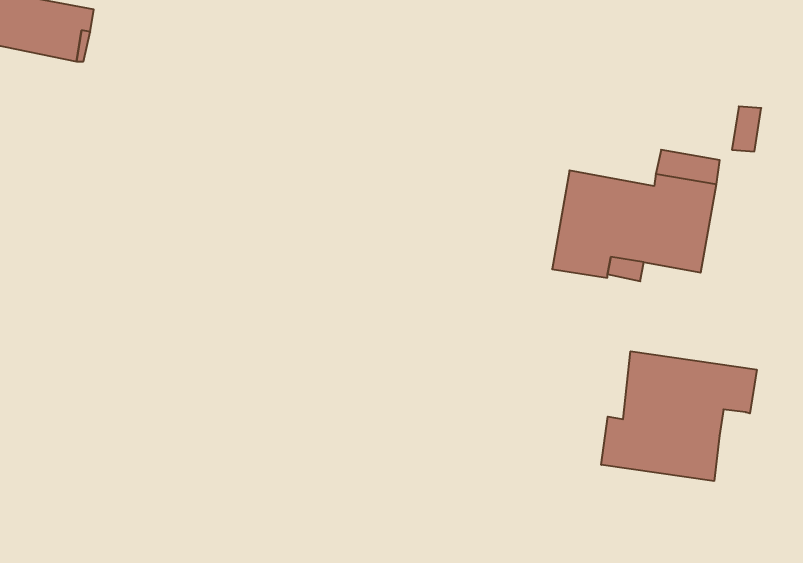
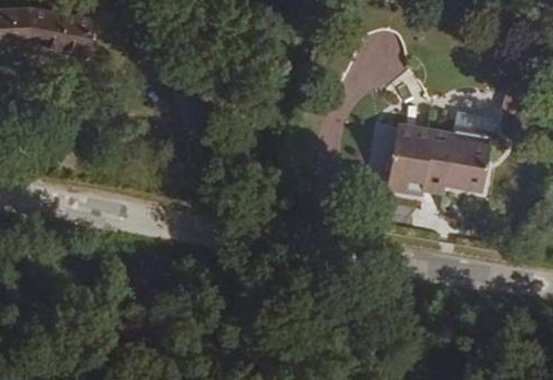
building: [601,351,757,481] -> none

